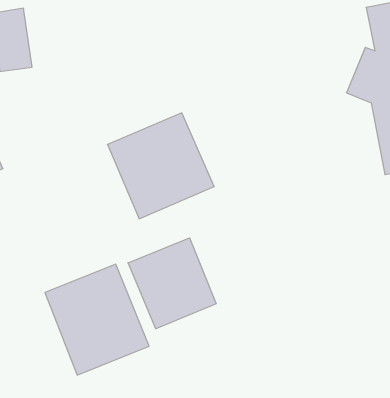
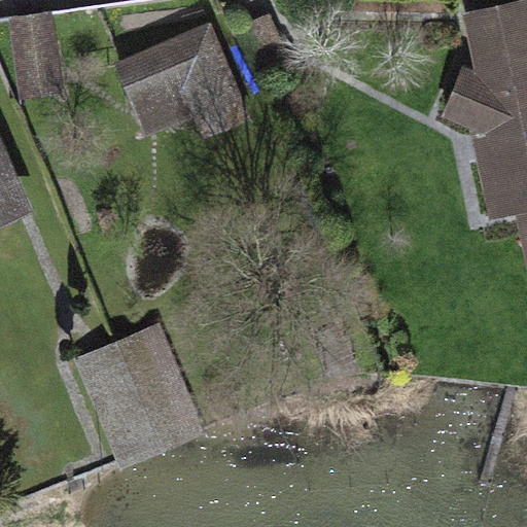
building: [107,113,214,219] -> [117,25,246,152]
building: [128,238,216,329] -> none

